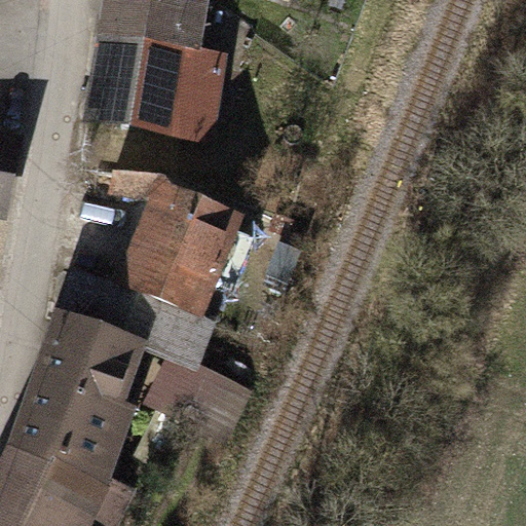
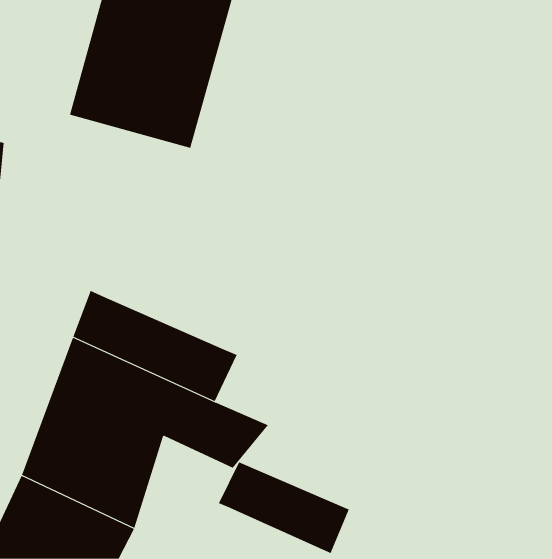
building: [97,164,248,321] -> none
building: none -> [218,461,349,554]

